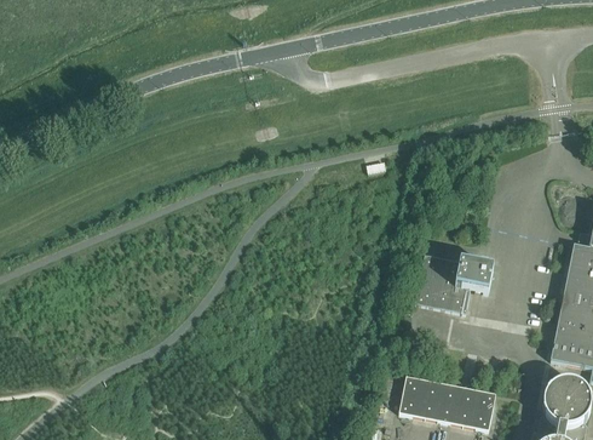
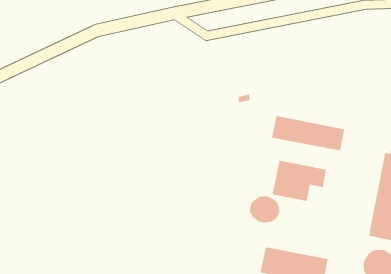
building: none -> [272,115,345,151]
building: none -> [249,196,280,223]

